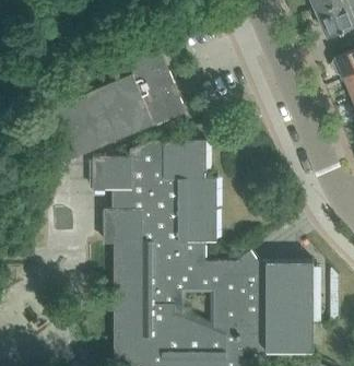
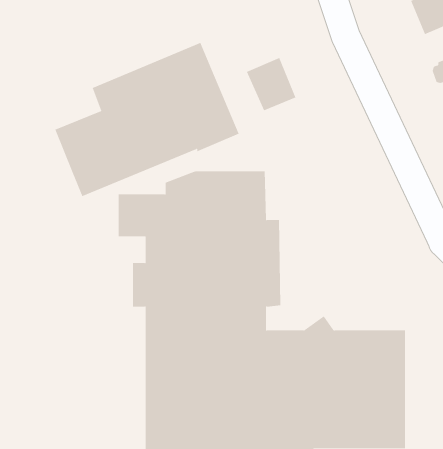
building: none -> [246,57,296,111]

